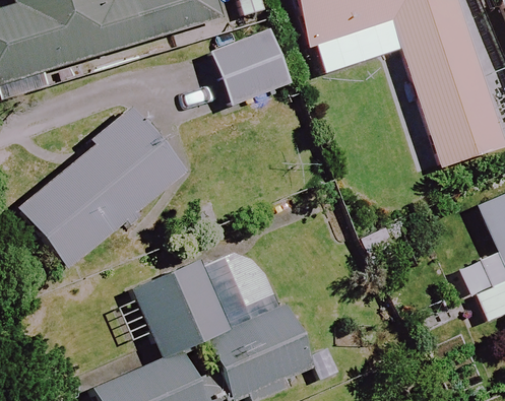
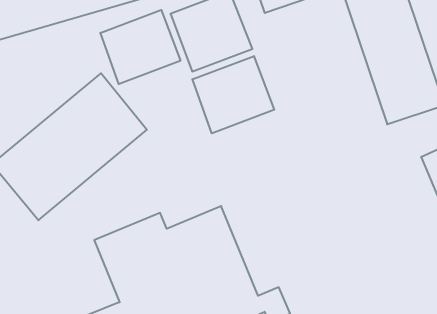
building: none -> [100,10,180,84]
building: none -> [192,56,274,133]

